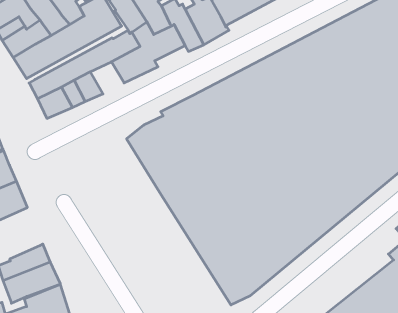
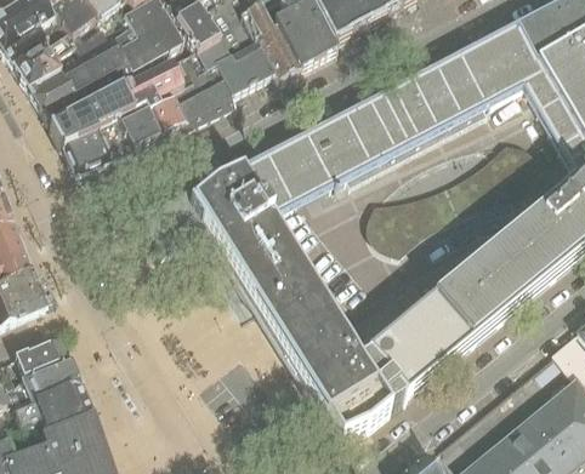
building: none -> [138,91,187,137]
building: none -> [15,335,67,373]

